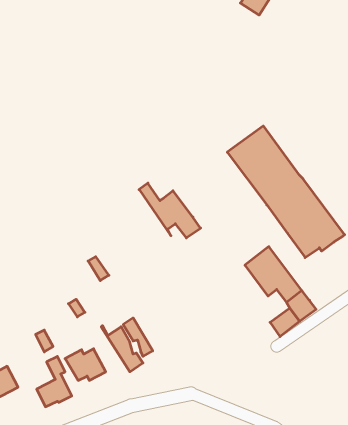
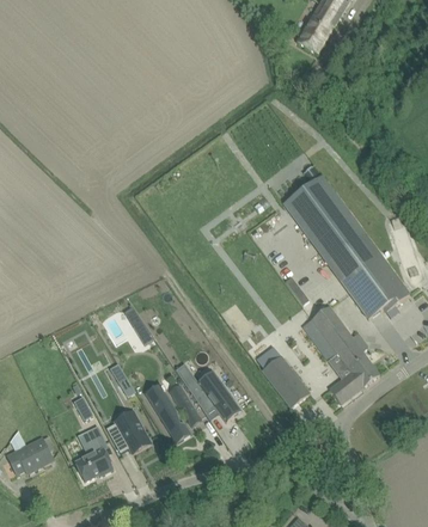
building: [139,183,201,238] -> [175,362,241,422]
building: none -> [256,345,308,407]

